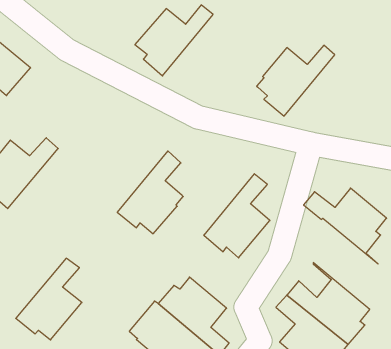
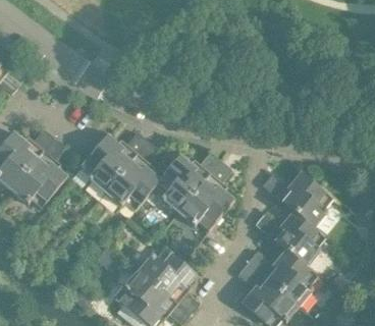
building: [135,5,213,76] -> [79,132,146,193]
building: [257,45,335,116] -> [153,152,219,212]
building: none -> [255,198,324,275]
building: [16,258,82,340] -> [10,139,66,208]

